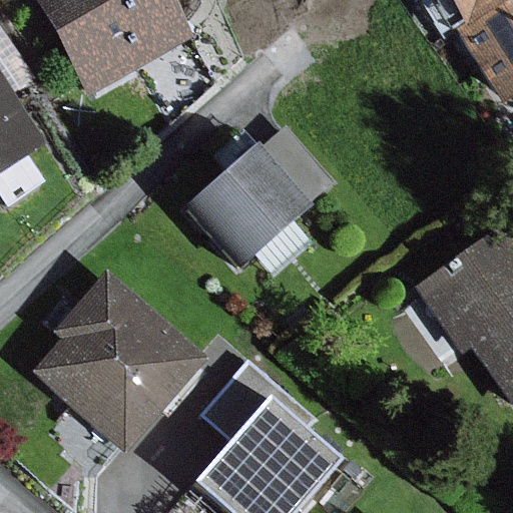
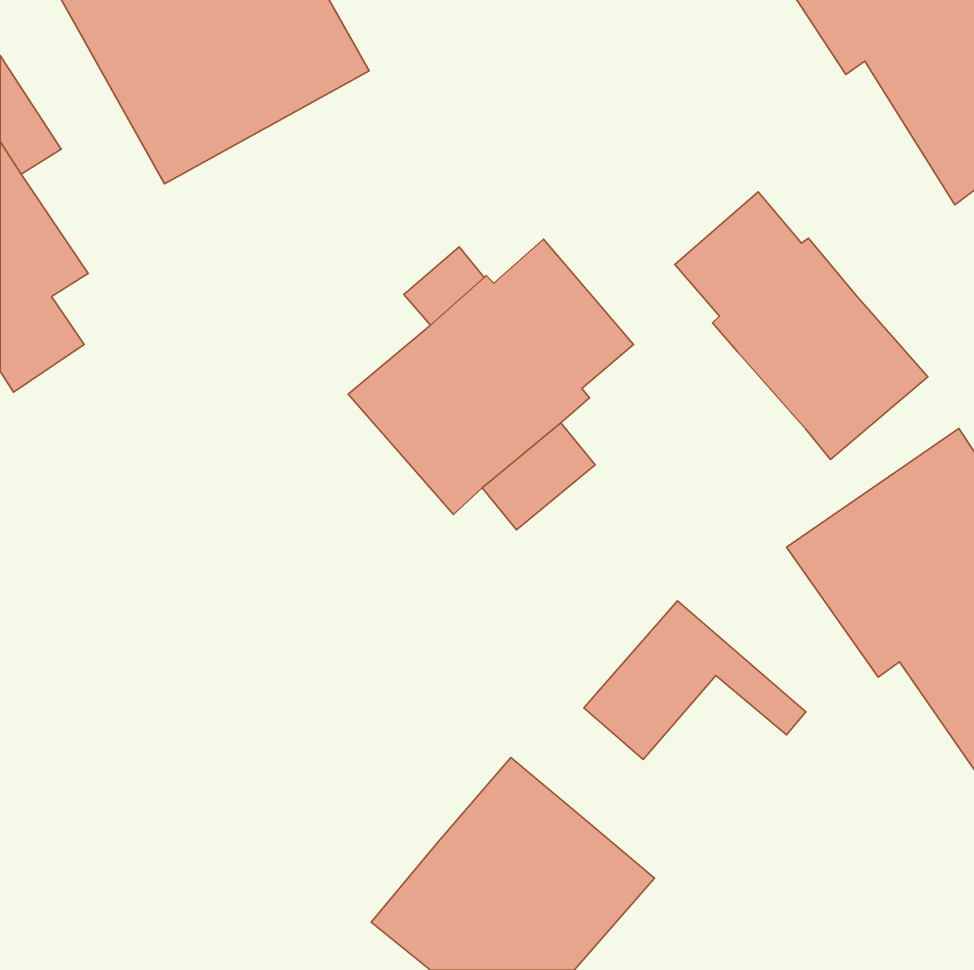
building: none -> [675,192,928,459]
building: [33,271,206,452] -> none
building: [200,358,317,441] -> [584,601,806,760]

